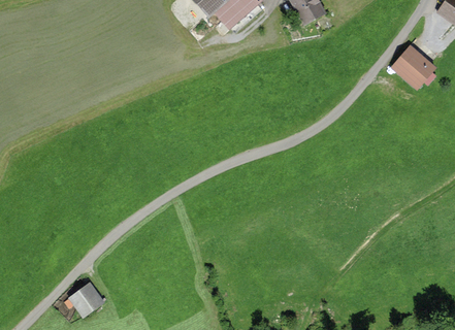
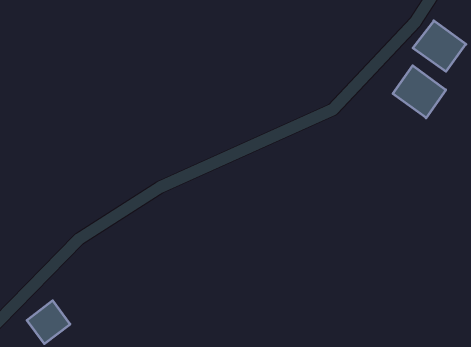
building: none -> [393,66,446,118]

